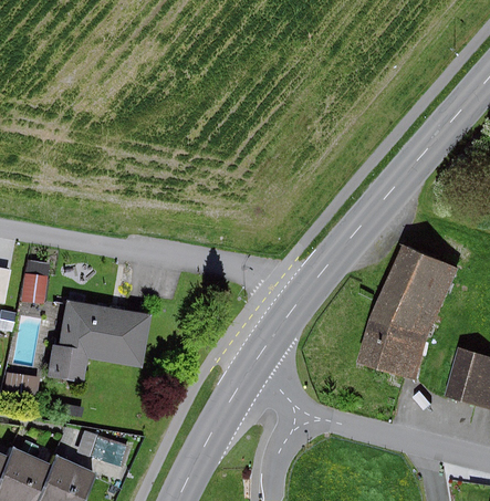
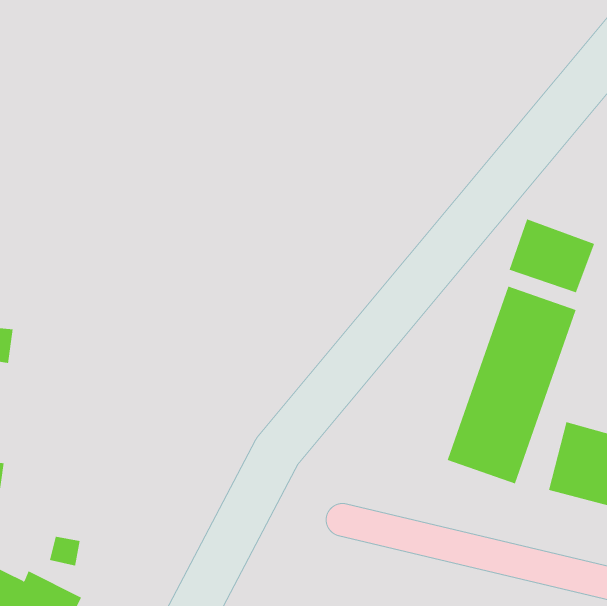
building: none -> [509,219,595,293]
building: [44,301,148,383] -> none

